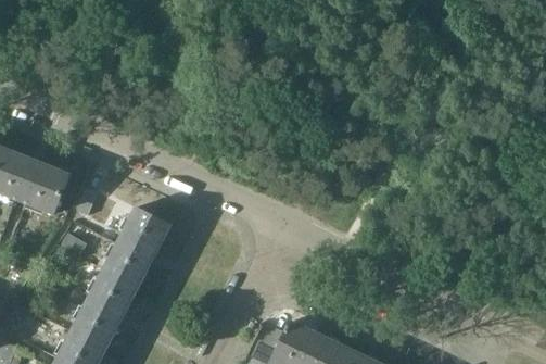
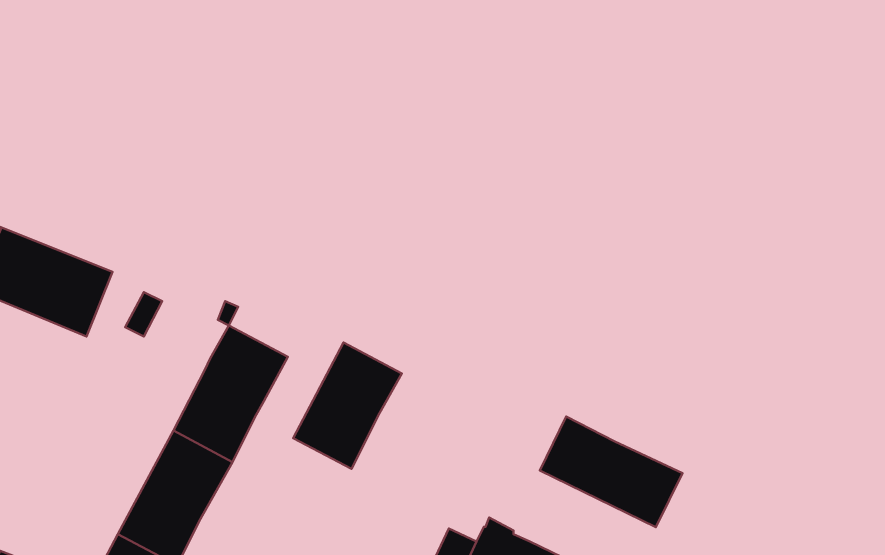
building: none -> [293,343,402,469]
building: none -> [540,417,682,527]

